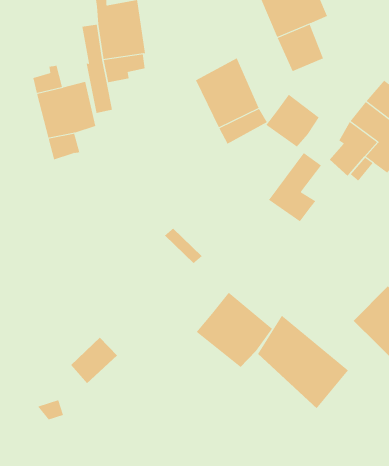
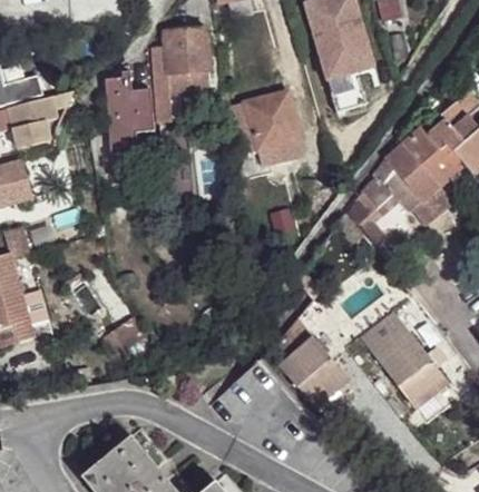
building: [266,94,319,148] -> none
building: [268,152,322,222] -> none
building: [196,292,273,368] -> none

